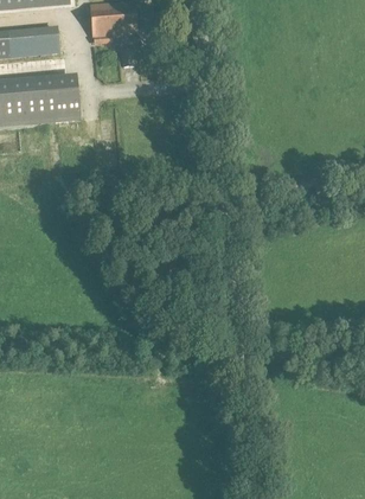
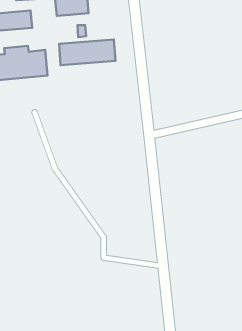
building: none -> [59,39,115,65]

